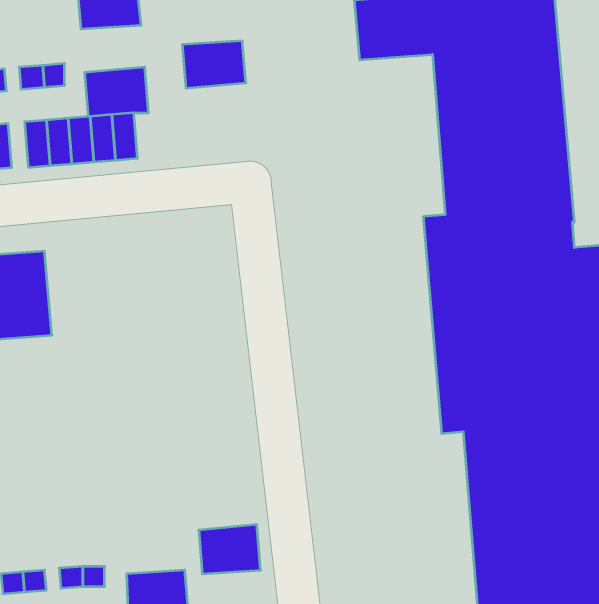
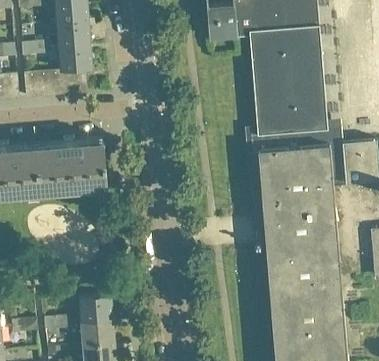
building: [182,41,246,88] -> [56,22,91,48]
building: none -> [36,139,106,192]
building: [199,525,261,574] -> [79,296,113,323]

